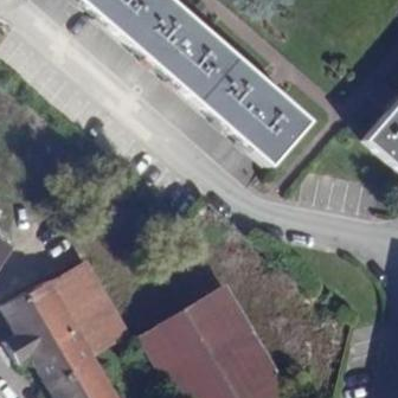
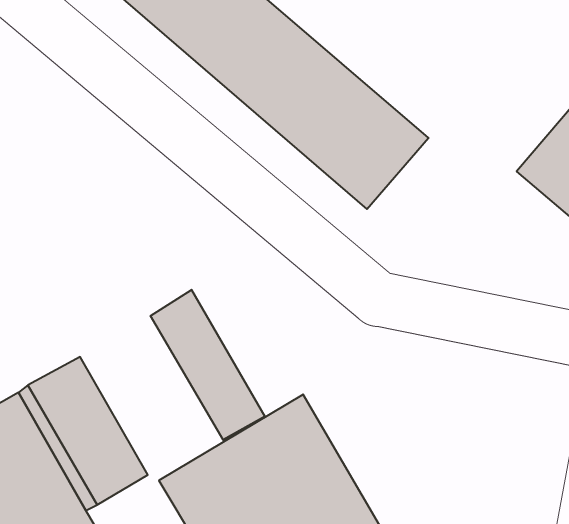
building: none -> [151,290,265,440]

